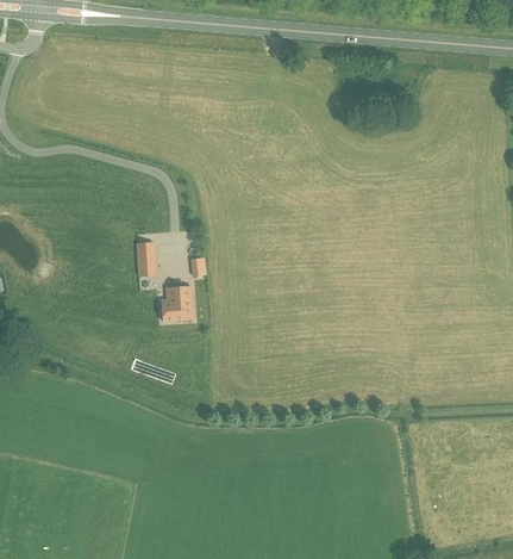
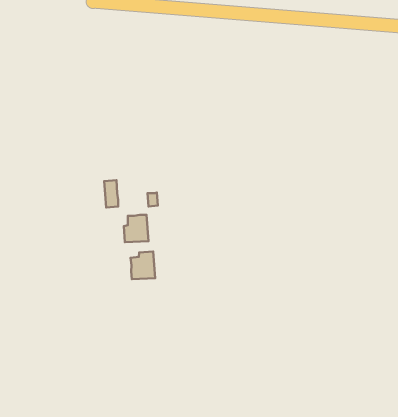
building: none -> [131,252,155,279]

